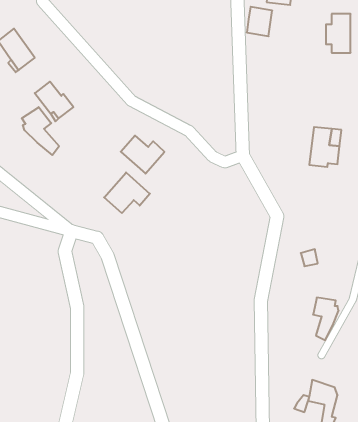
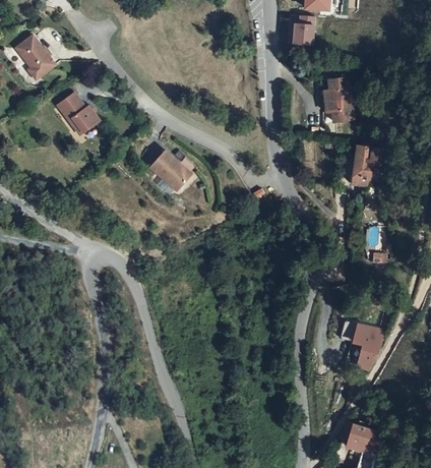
building: [326,14,351,53] -> [325,77,352,119]
building: [22,107,59,155] -> none
building: [104,172,150,213] -> none

